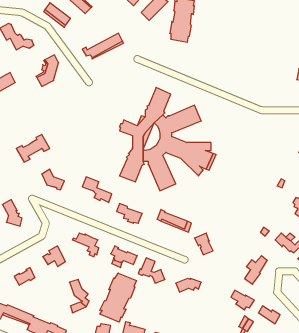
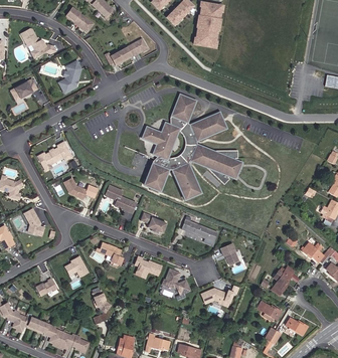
building: [100,273,136,322] -> none

